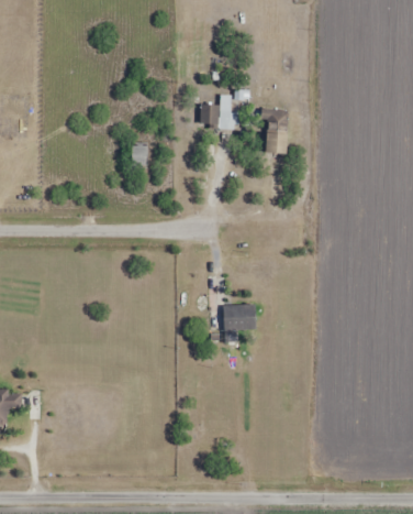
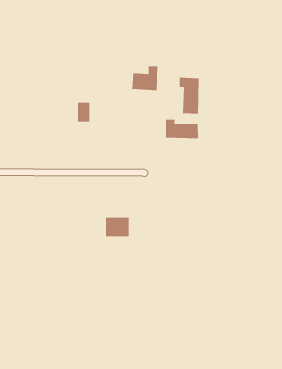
building: none -> [166,119,198,139]
building: [223,305,254,330] -> [105,217,129,237]

